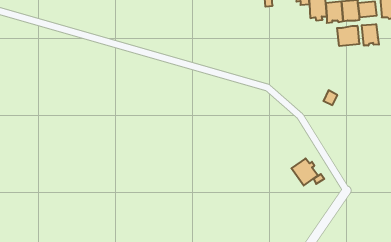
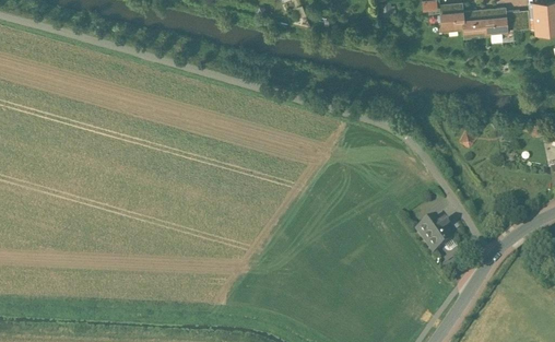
building: [362,24,379,46] -> none
building: [337,26,359,46] -> none

